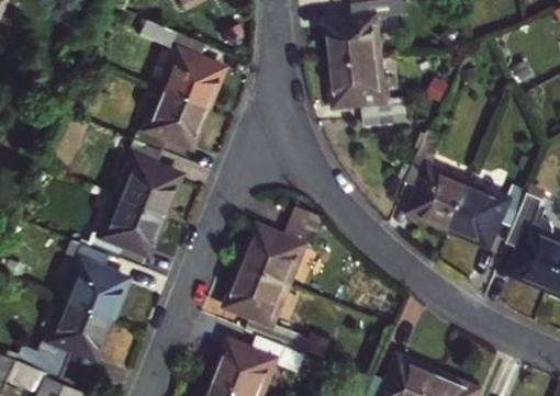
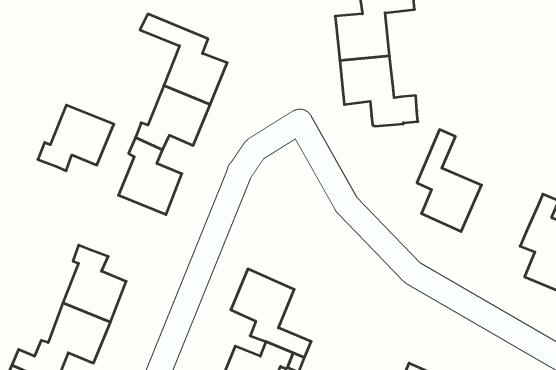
building: [449,185,525,247] -> none
building: [90,195,164,259] -> [38,105,114,171]
building: [243,207,323,286] -> none

